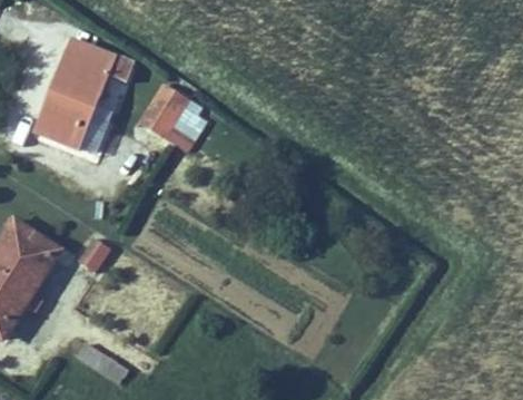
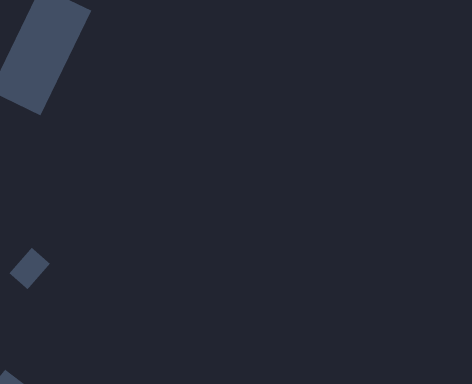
building: [148,78,194,135] -> none

